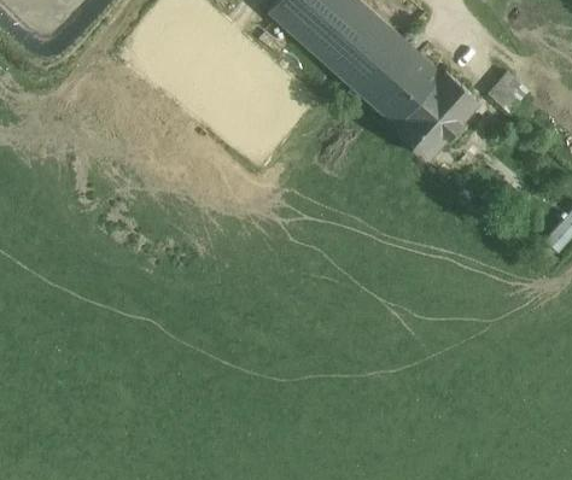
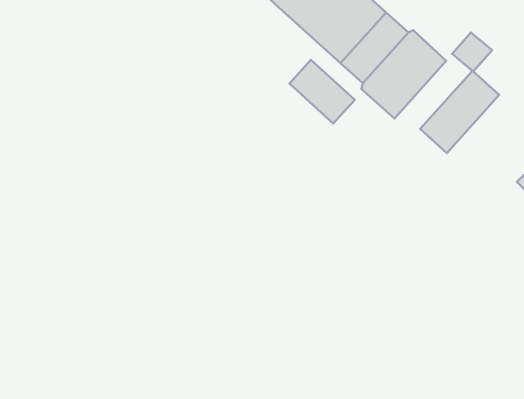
building: none -> [289,60,355,123]
building: none -> [420,71,499,153]

